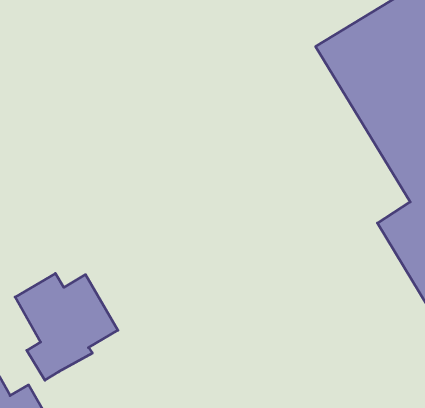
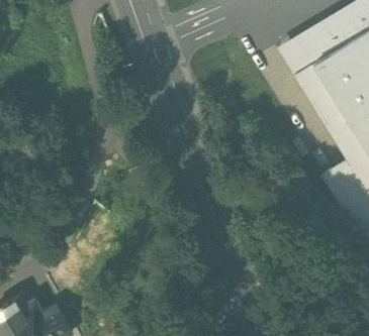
building: [15,273,118,380] -> none

